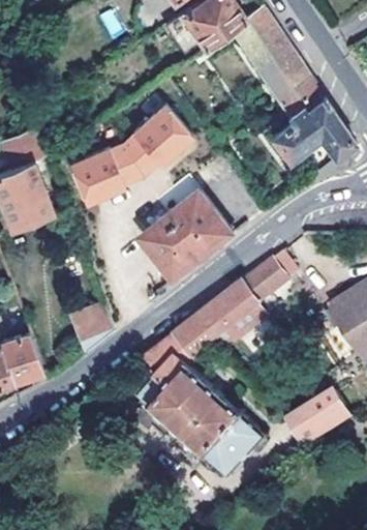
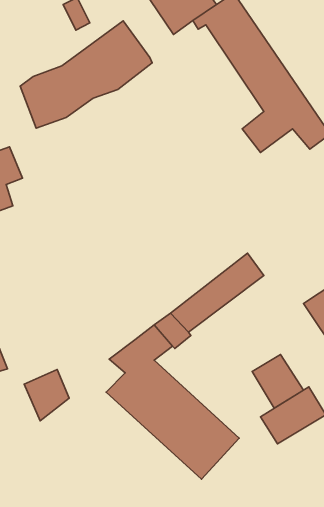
building: [66,108,193,211] -> [20,21,152,128]
building: [142,192,235,282] -> none
building: [69,300,113,350] -> [24,369,69,421]
building: none -> [252,355,303,408]

